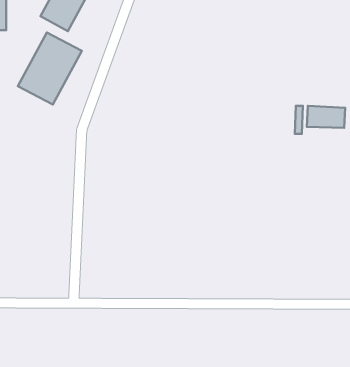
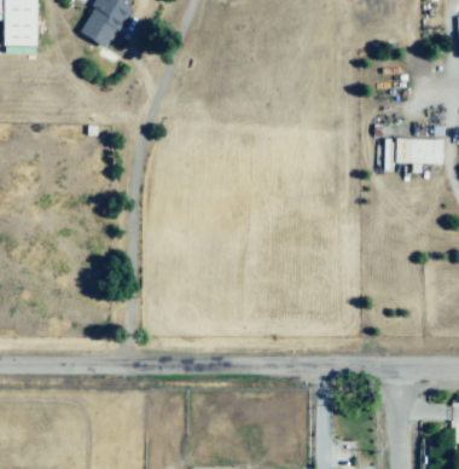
building: [18,33,82,105] -> none

